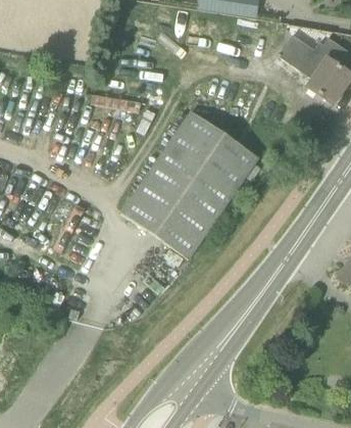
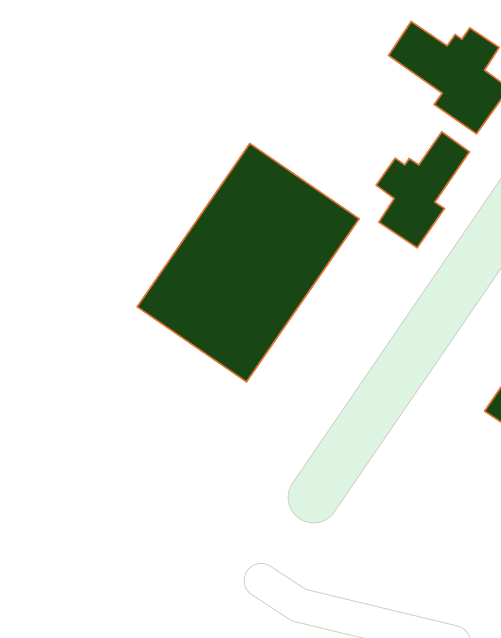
building: none -> [376,132,470,248]

